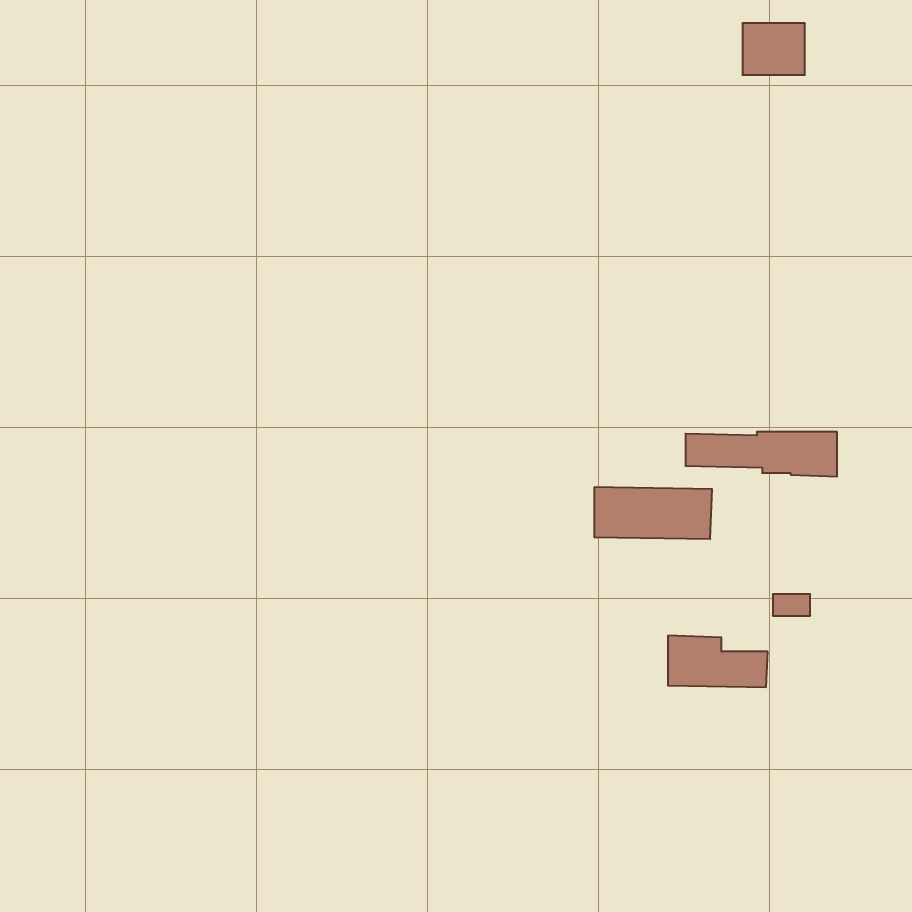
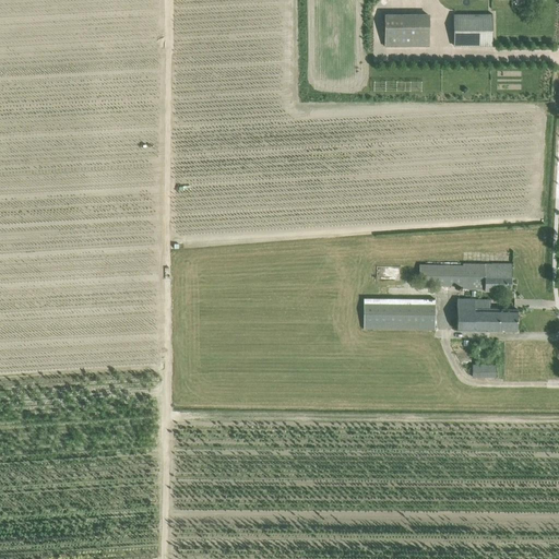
building: none -> [384,14,429,46]
building: [668,636,768,687] -> [456,299,518,331]

